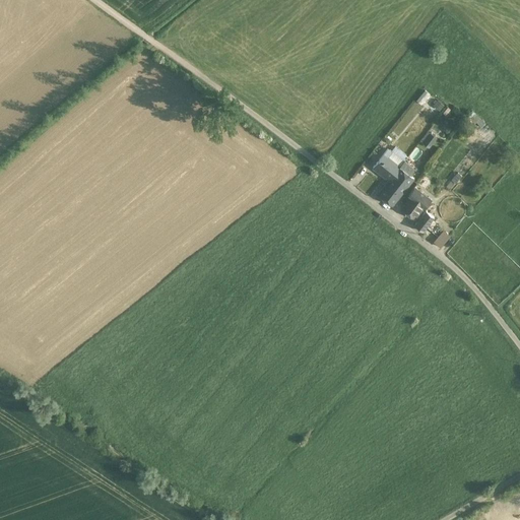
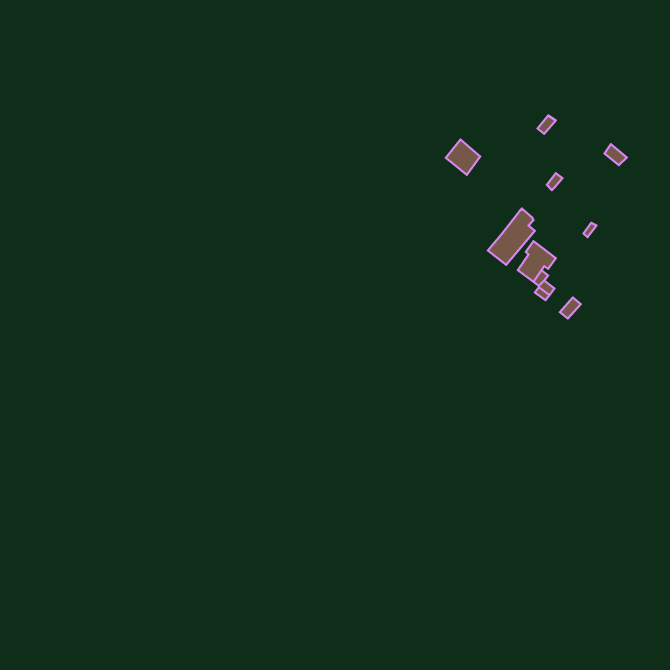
building: [373,153,399,181] -> [446,139,480,175]

